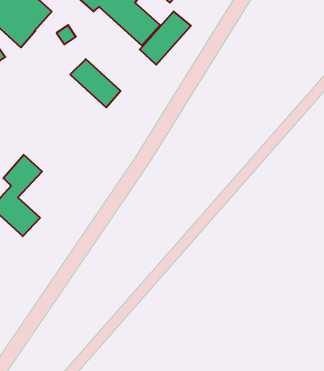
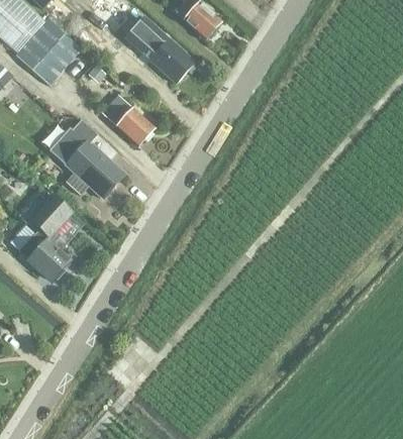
building: [140,11,191,65] -> none
building: none -> [65,121,124,198]

